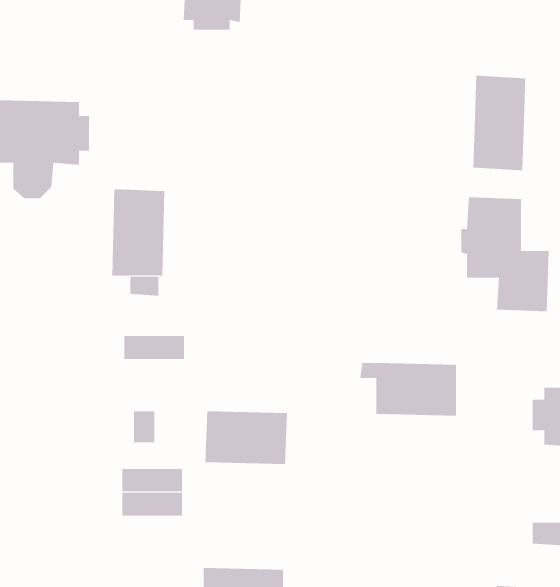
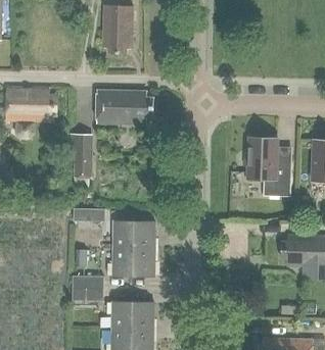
building: [473,75,526,171] -> none
building: none -> [95,91,152,124]
building: [360,363,457,416] -> [105,221,155,249]
building: none -> [111,302,153,330]

